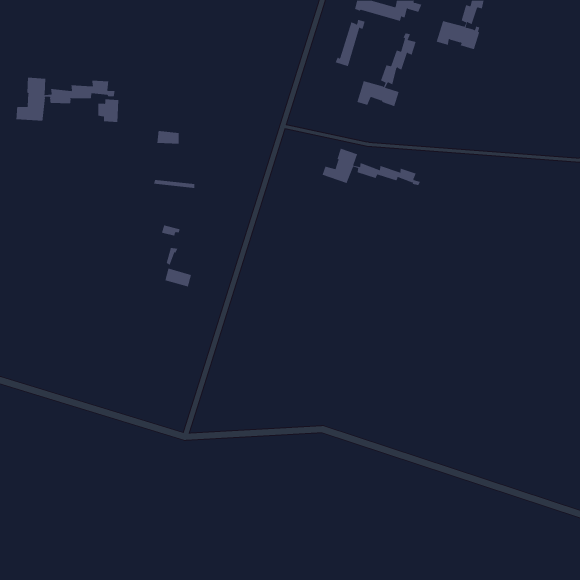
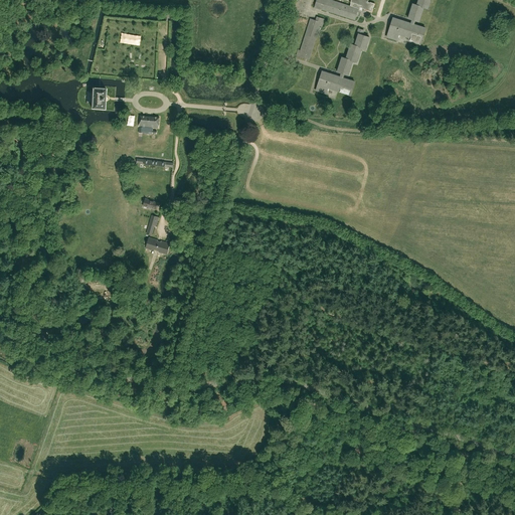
building: [16,77,115,122] -> none
building: [322,148,421,186] -> none

